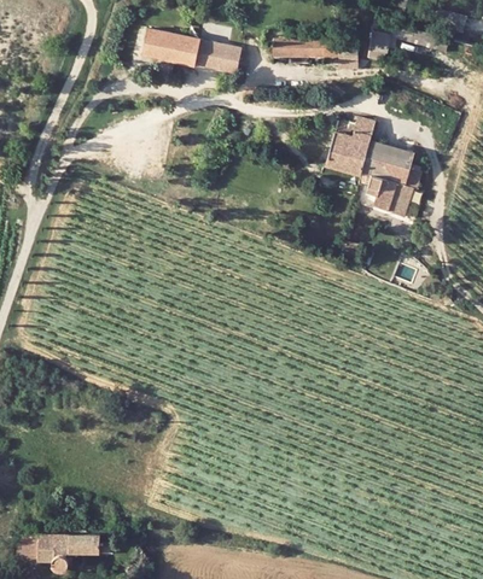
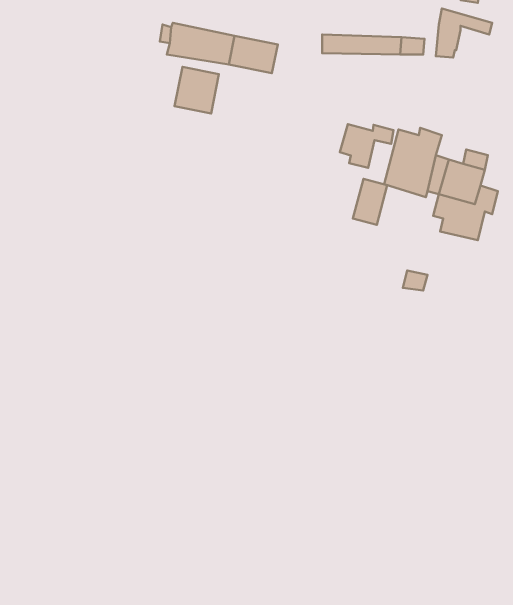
building: none -> [174,67,219,114]
building: none -> [340,124,394,168]
building: none -> [353,179,387,225]

